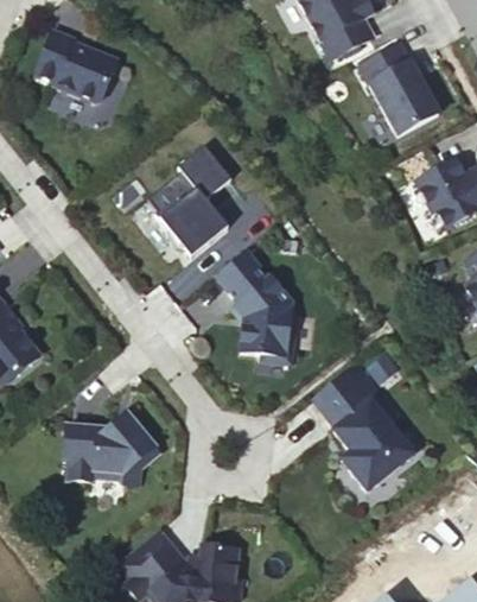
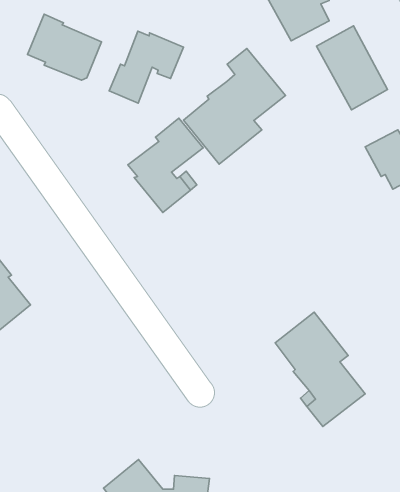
building: none -> [109,31,183,103]
building: none -> [184,48,286,164]
building: [216,252,294,362] -> none
building: [63,419,158,483] -> none

